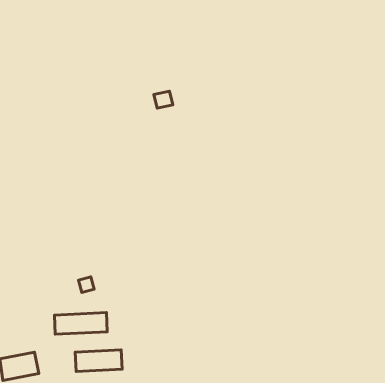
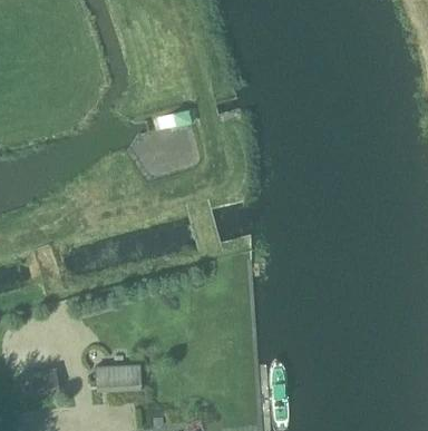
building: [55,312,107,334] -> none

